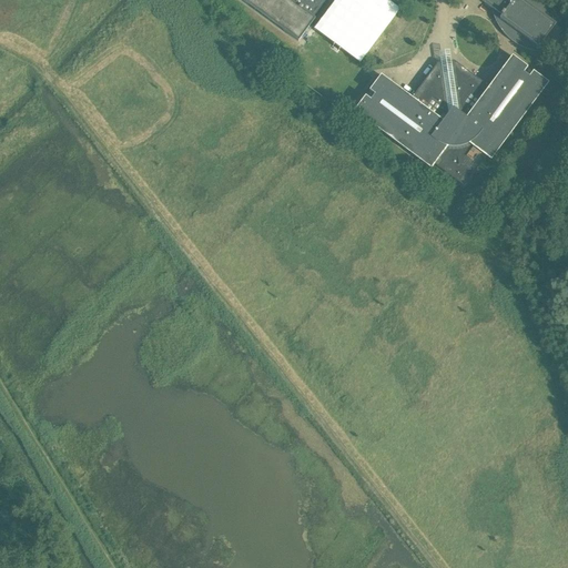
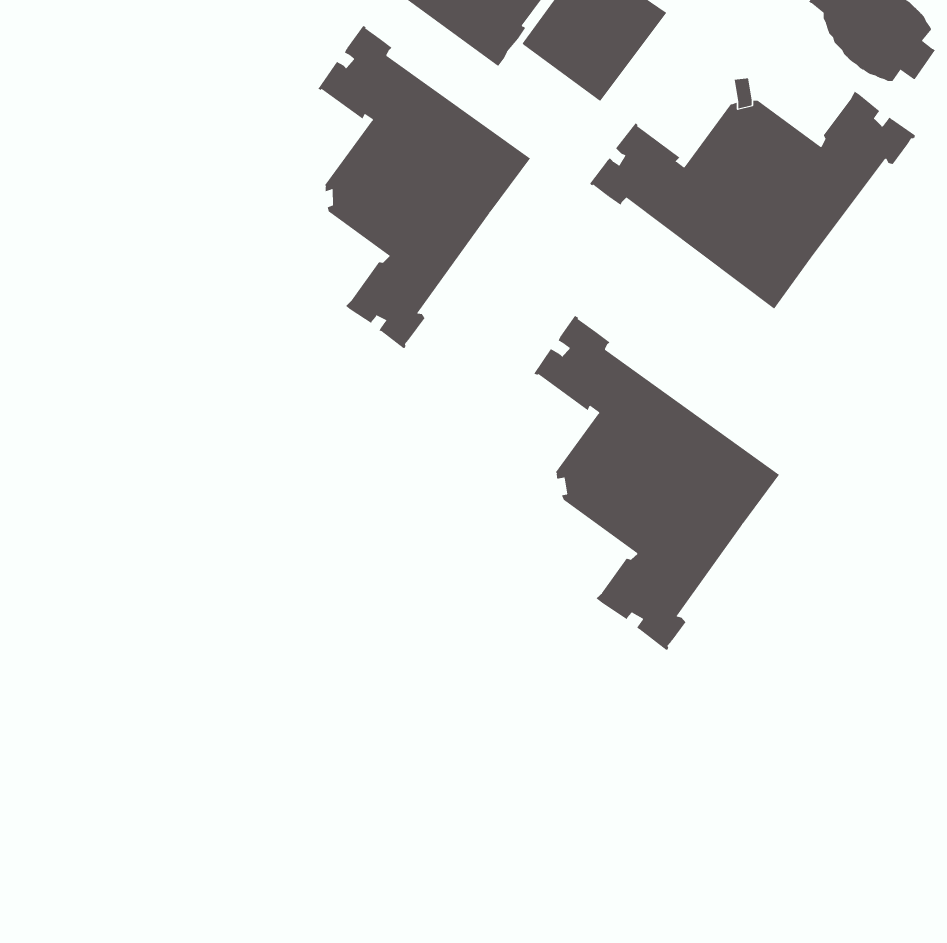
building: none -> [318,25,531,349]
building: none -> [534,315,780,650]

